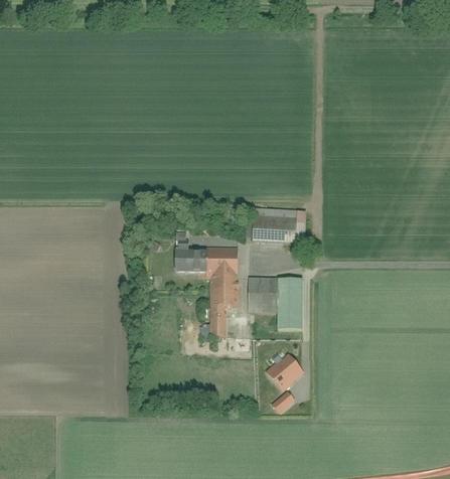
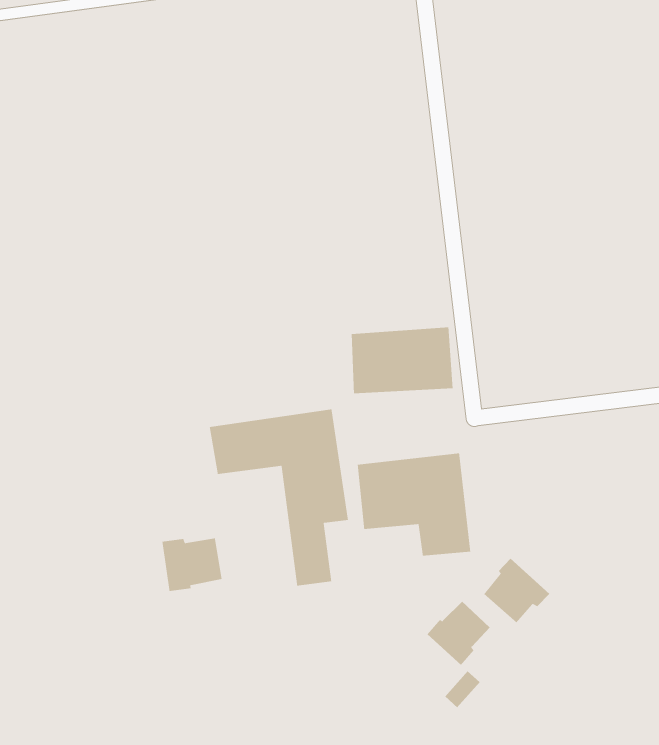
building: none -> [161,538,223,592]
building: none -> [483,558,550,624]

